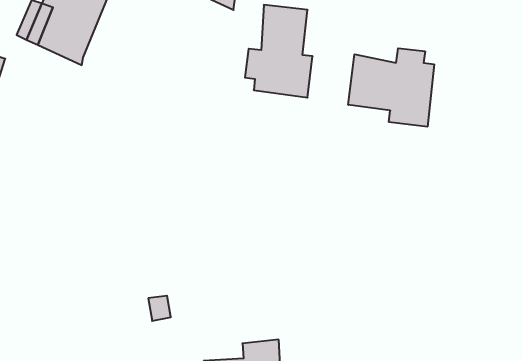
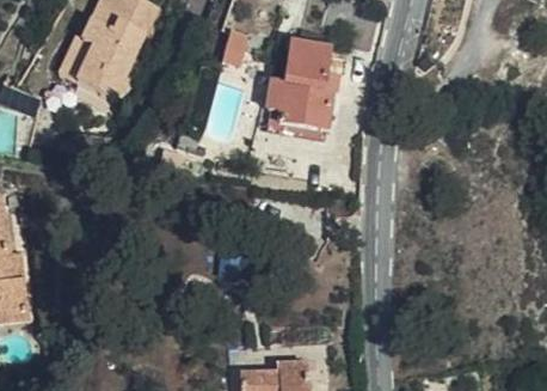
building: [348,48,434,127] -> none

